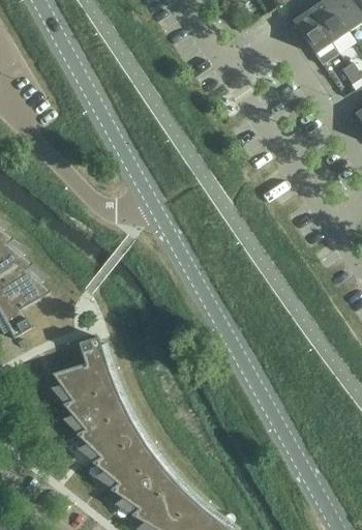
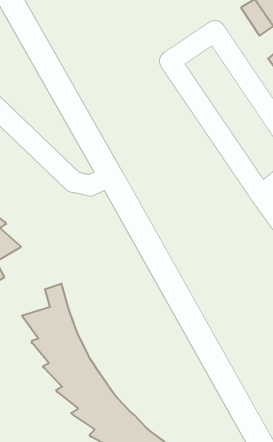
building: [293,9,332,54] -> none

